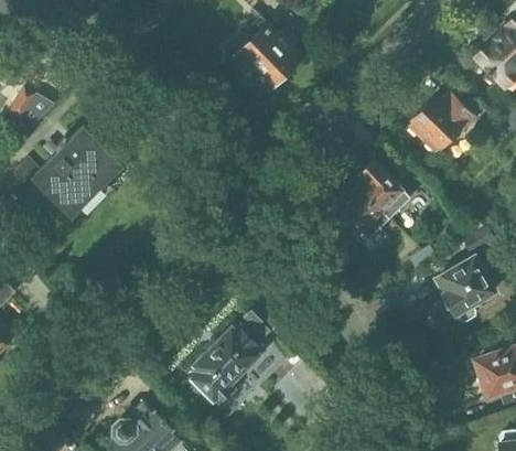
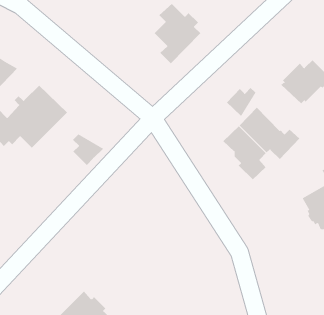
building: none -> [226,87,256,117]
building: none -> [72,133,104,166]
building: [190,296,278,401] -> none

